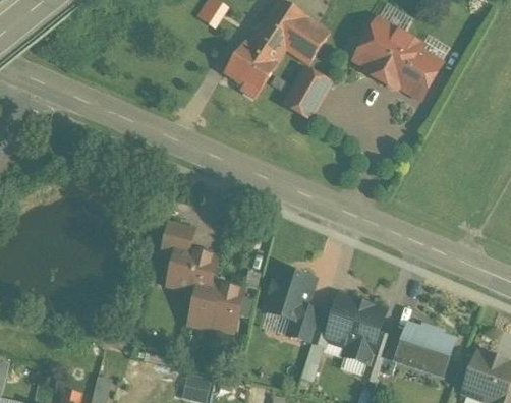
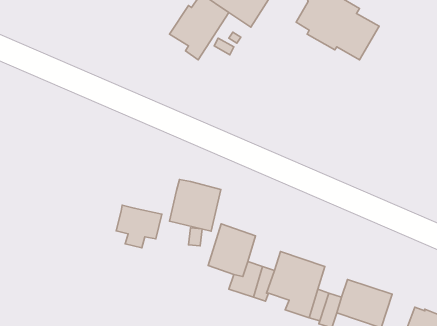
building: [285,68,330,117] -> none
building: [161,222,194,253] -> none
building: [189,280,242,333] -> [170,180,221,231]

